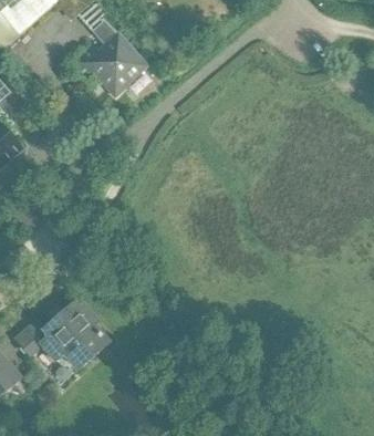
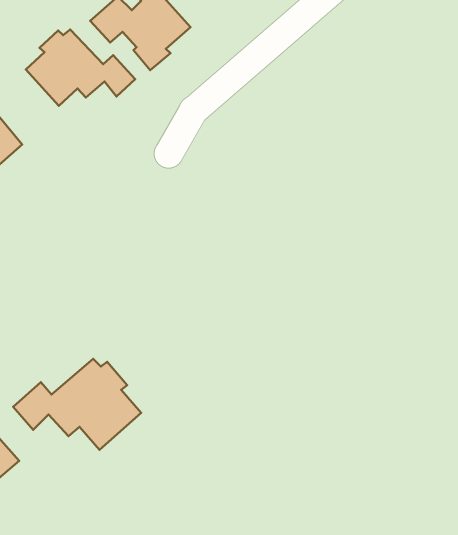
building: none -> [26,29,135,106]

